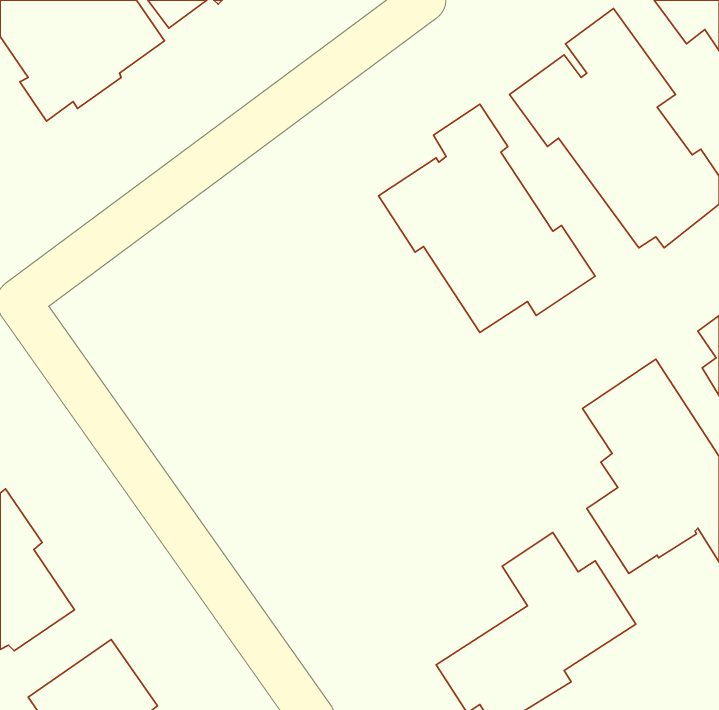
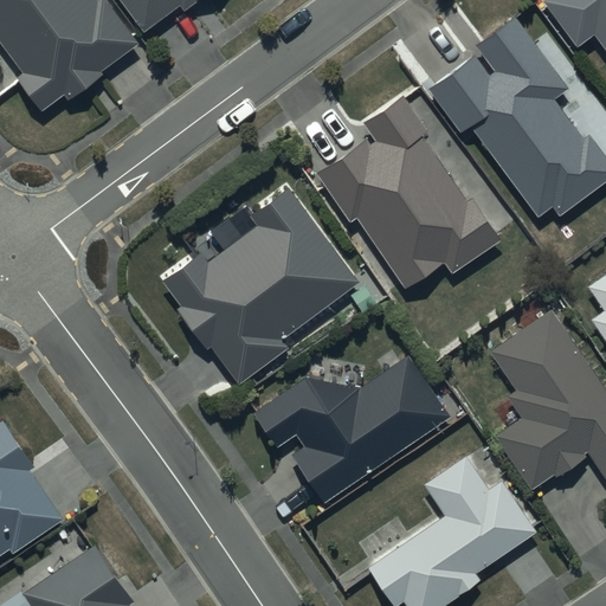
building: none -> [161,185,359,385]
building: none -> [253,356,449,501]

